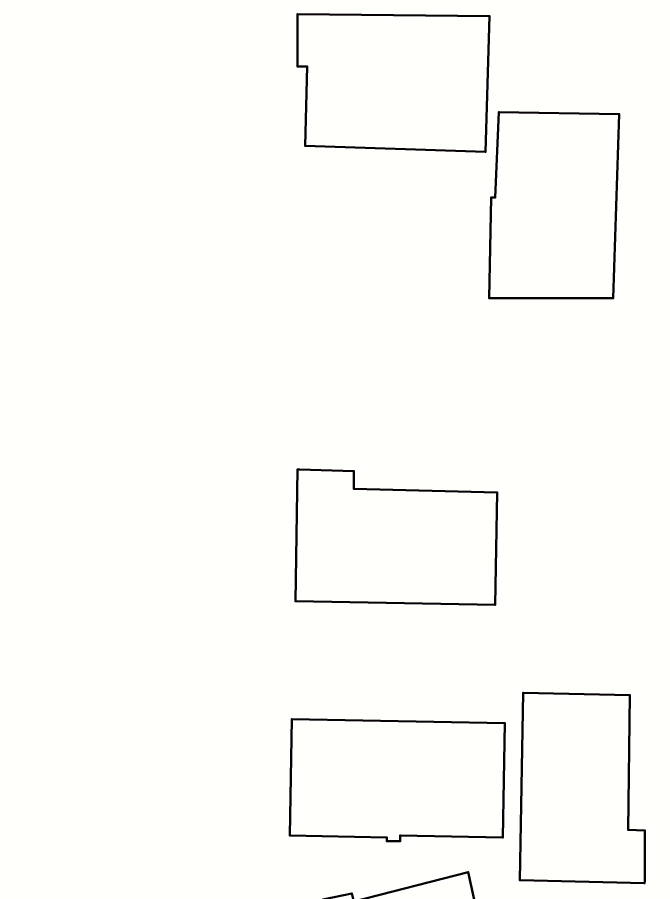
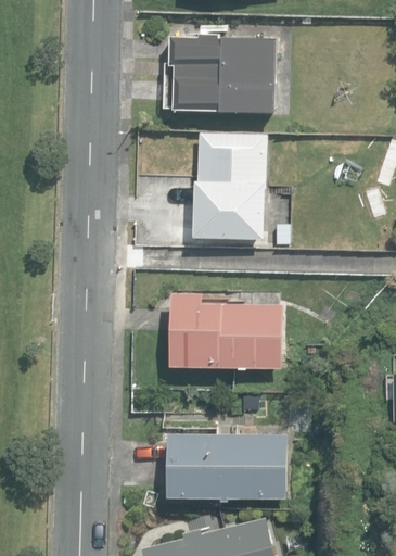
building: [489,112,619,298] -> [192,134,265,238]
building: [520,693,645,883] -> none

